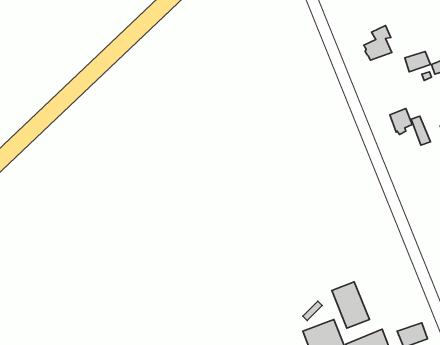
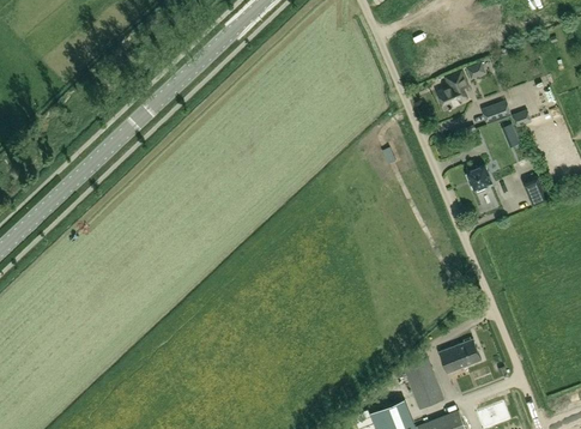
building: none -> [440,337,482,373]

